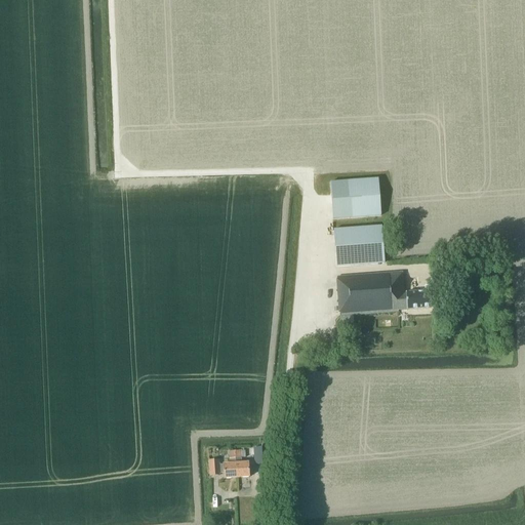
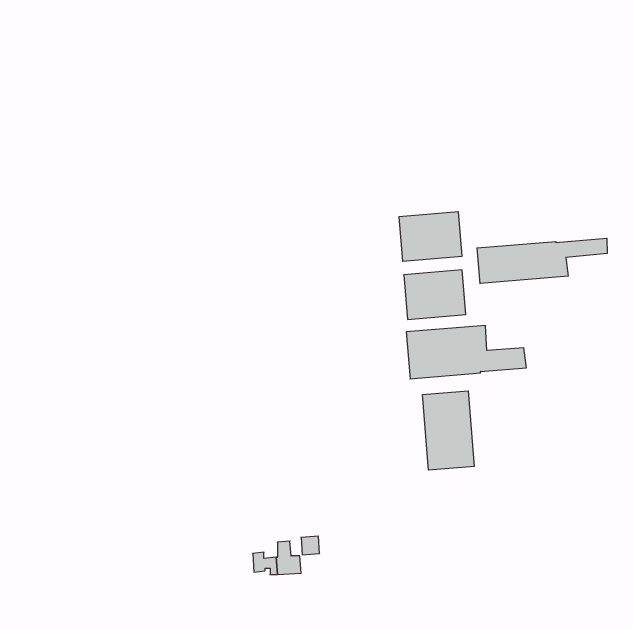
building: none -> [477,238,607,284]
building: none -> [423,391,474,470]

